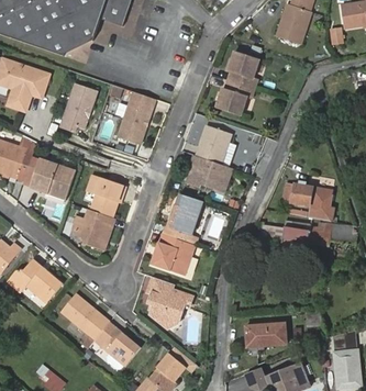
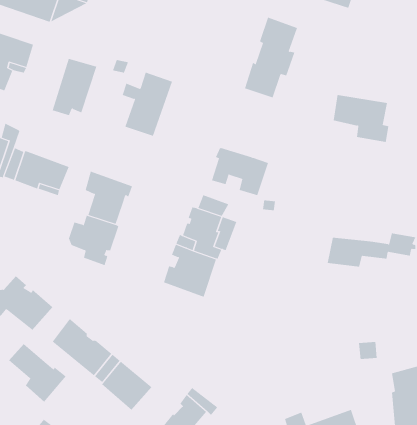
building: [196,126,232,164] -> none
building: [289,182,334,221] -> [333,95,389,143]
building: [147,278,191,328] -> none
building: none -> [8,343,66,403]
building: [244,324,286,347] -> none

